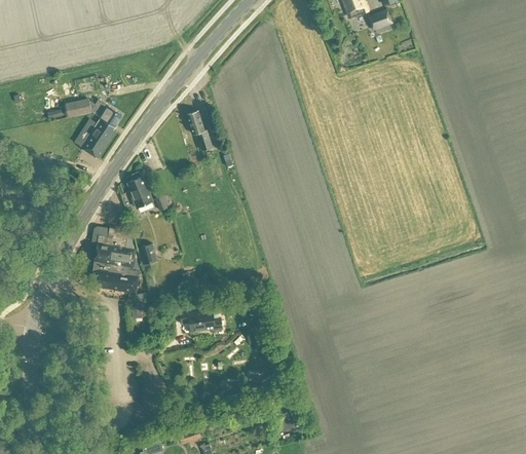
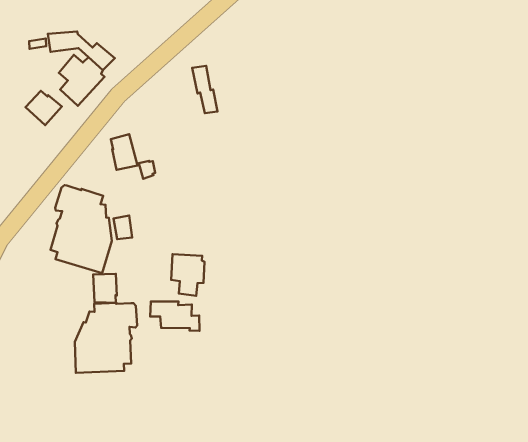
building: none -> [26,91,62,125]
building: none -> [171,254,205,296]
building: none -> [75,303,137,373]

